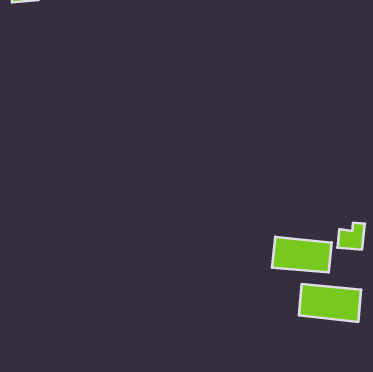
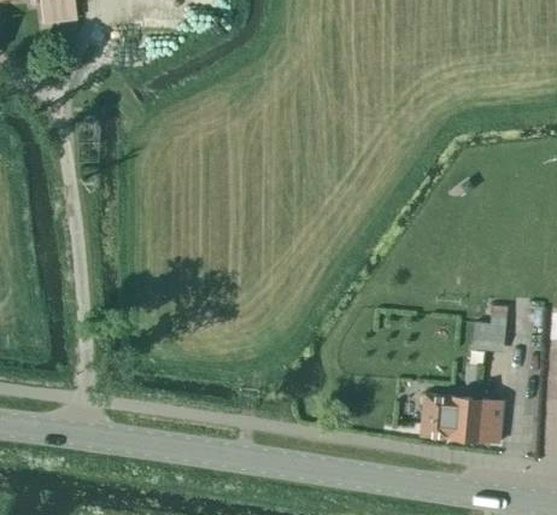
building: [272,237,332,272] -> none

